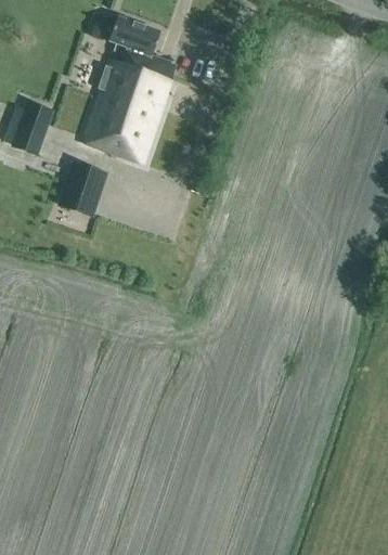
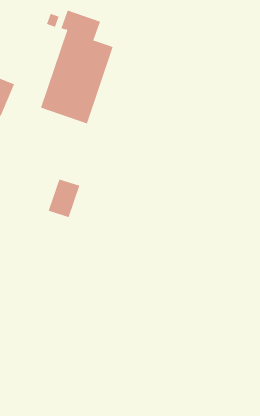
building: [65,164,106,214] -> [48,179,80,218]

